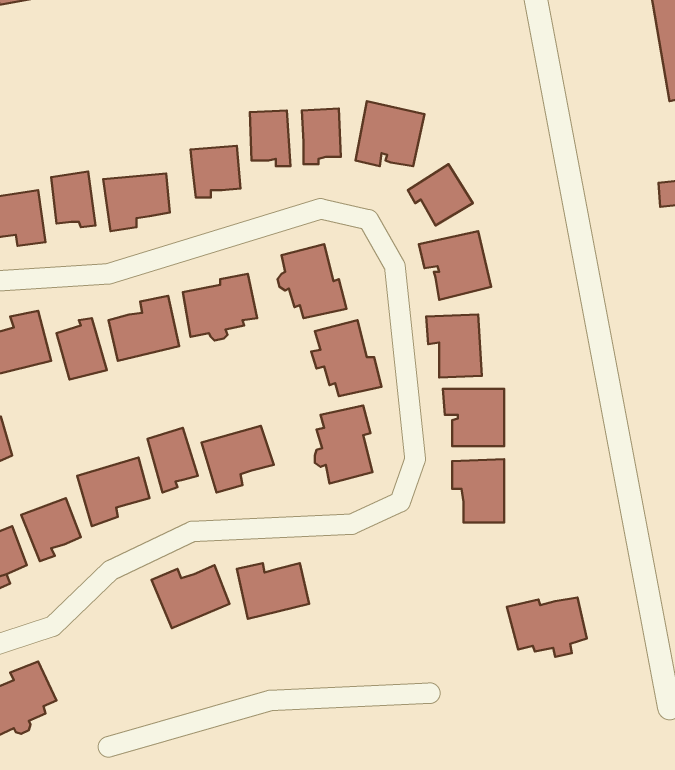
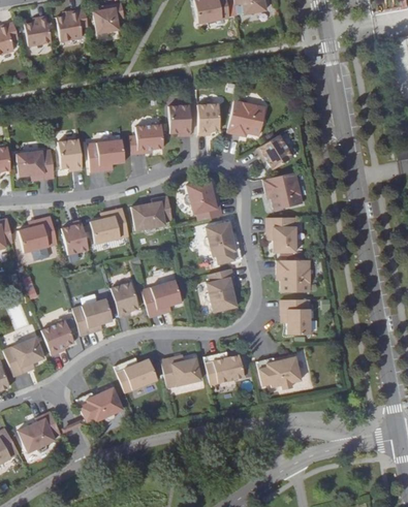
building: none -> [203,353,245,384]
building: [507,598,587,657] -> [256,356,301,389]
building: none -> [76,386,123,421]

